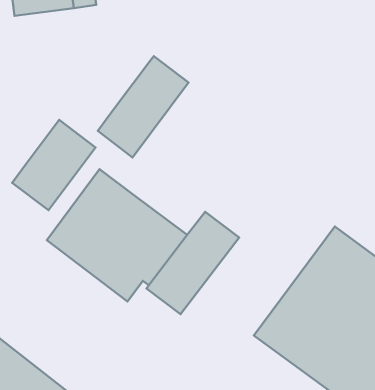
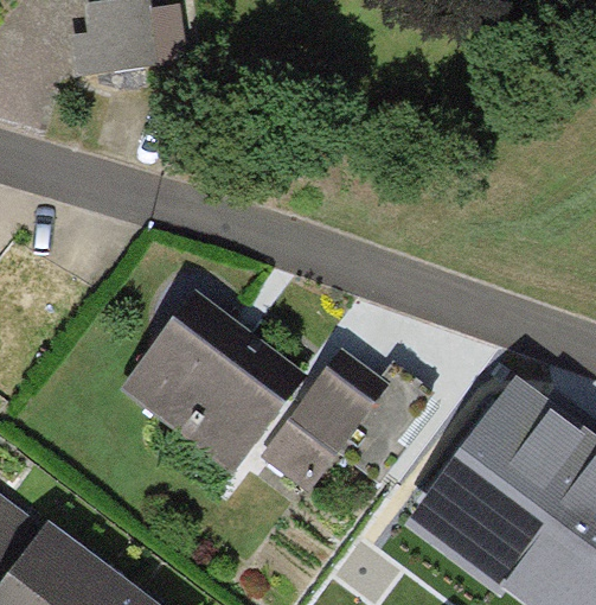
building: [98,56,188,157] -> none
building: [12,120,95,210] -> none

